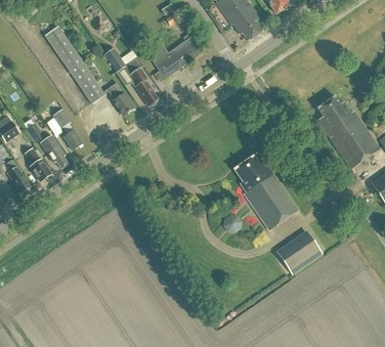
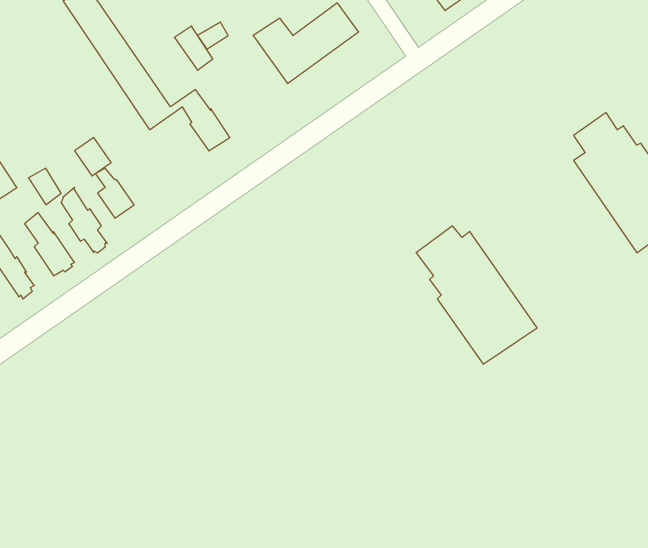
building: [129,57,158,105] -> none
building: [275,230,323,273] -> none

